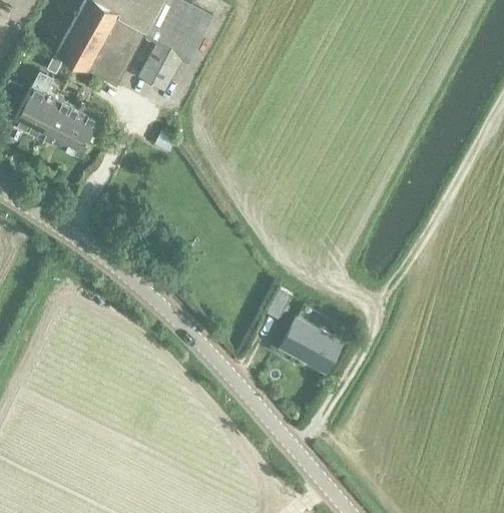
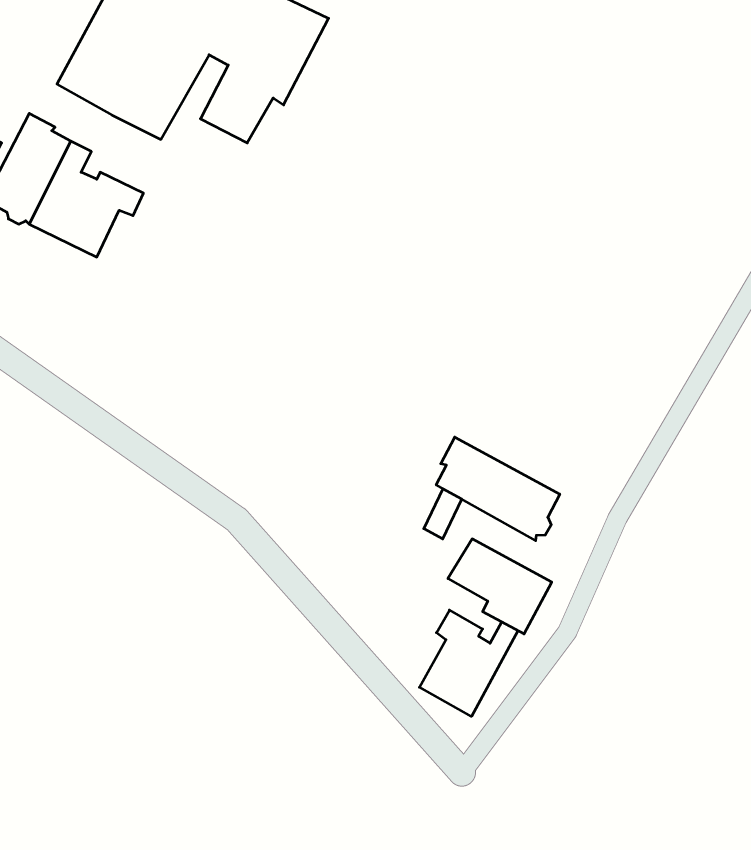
building: none -> [436,437,560,541]
building: none -> [419,610,518,716]

